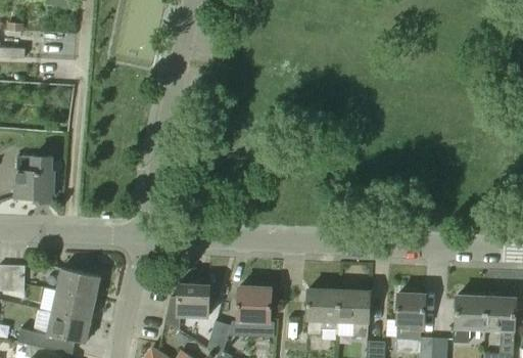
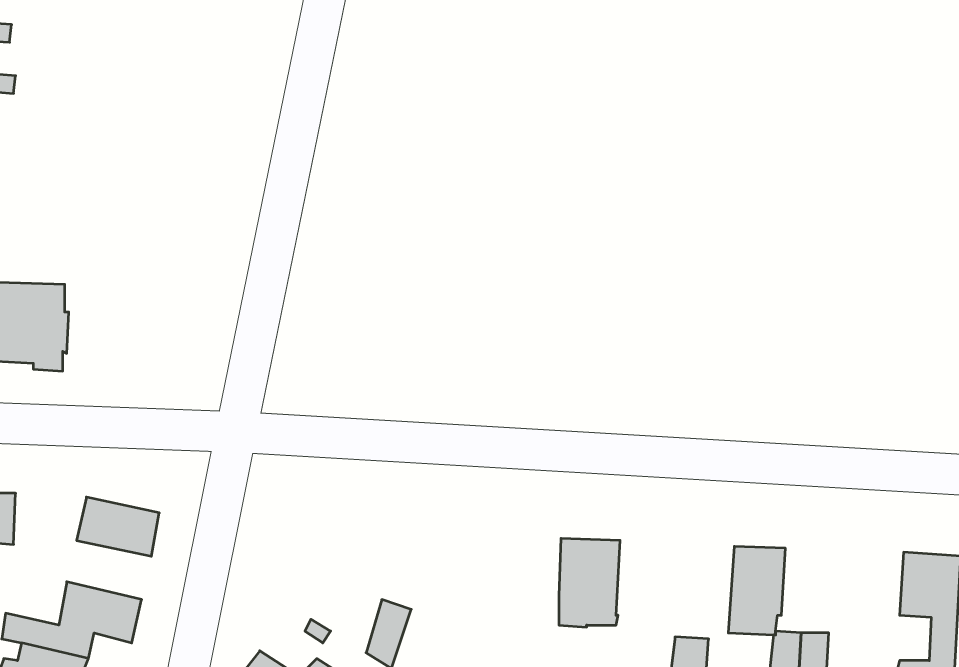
building: [178,283,209,317] -> none
building: [236,286,272,322] -> none
building: [52,290,96,321] -> none
building: [337,290,370,337] -> none
building: [453,296,486,344] -> none

